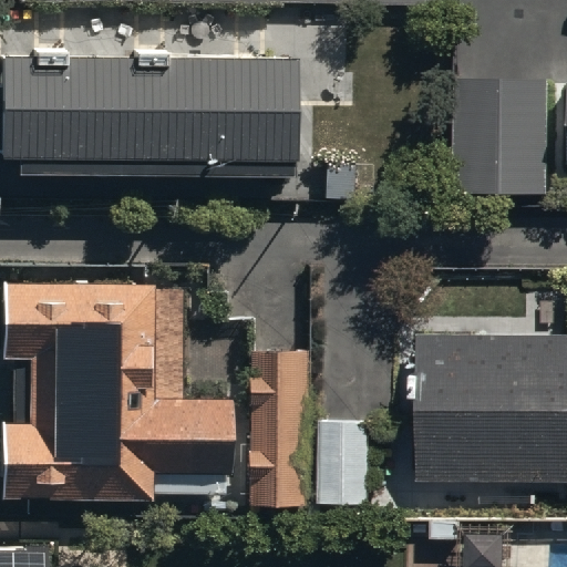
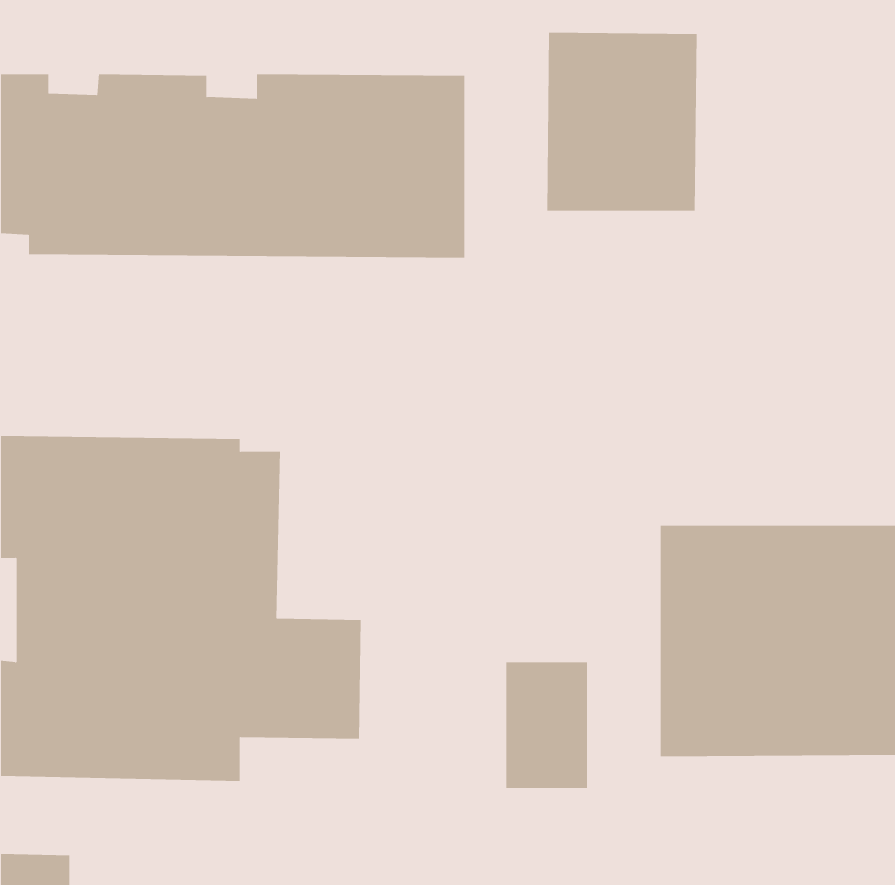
building: [455,80,550,193] -> [546,32,697,211]
building: [248,353,308,506] -> none

